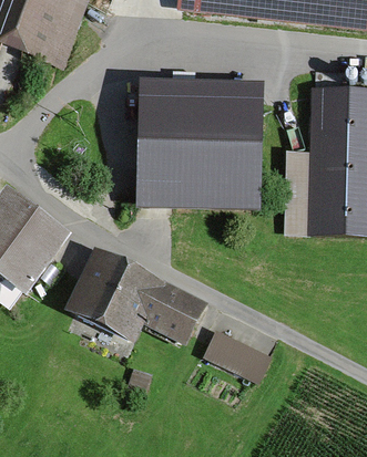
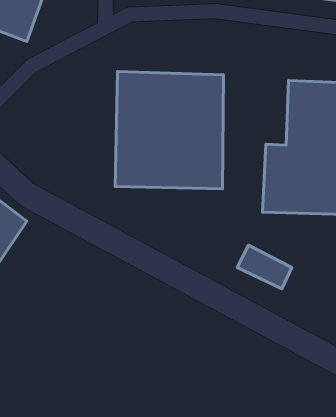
building: [73,260,196,340] -> none
building: [210,333,264,376] -> [237,245,292,289]

